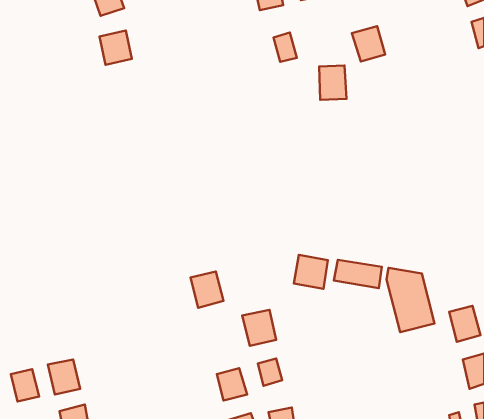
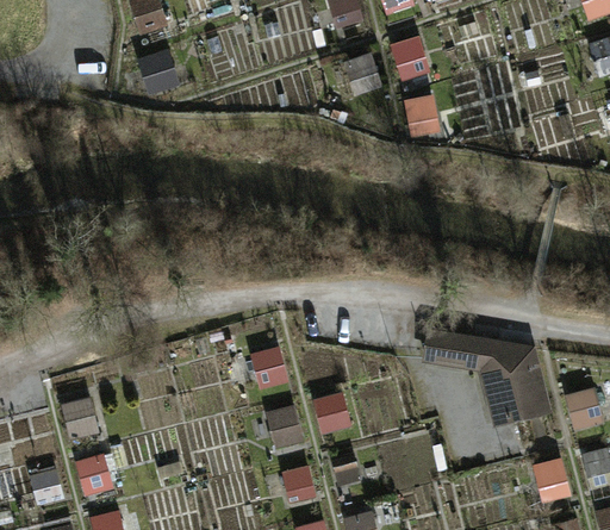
building: [352,26,385,61] -> [388,35,429,77]
building: [294,255,328,289] -> none
building: none -> [61,398,100,442]
building: none -> [264,404,306,451]
building: none -> [531,456,572,505]

